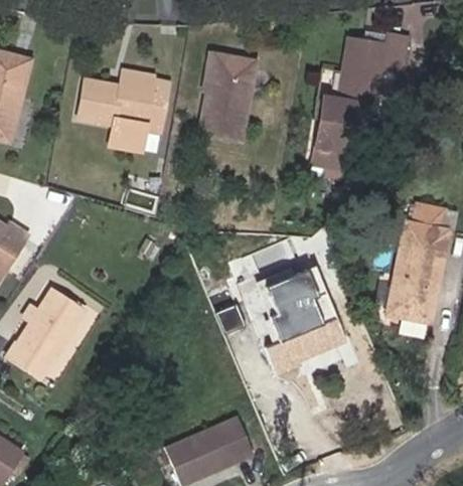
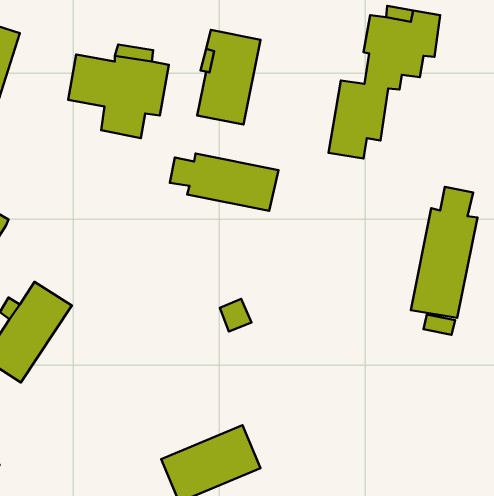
building: none -> [170,153,278,211]
building: [256,256,345,372] -> none

